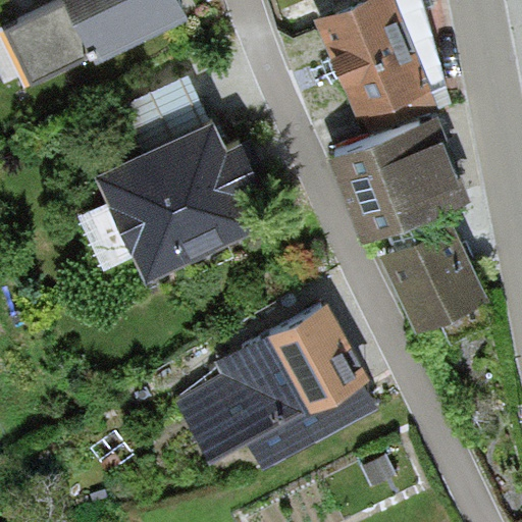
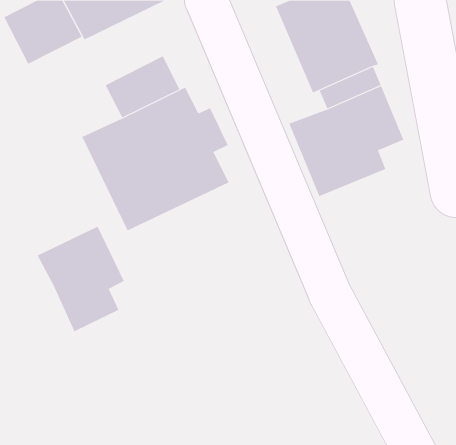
building: [378,221,488,333] -> none
building: none -> [37,226,125,332]
building: [174,301,377,478] -> none

